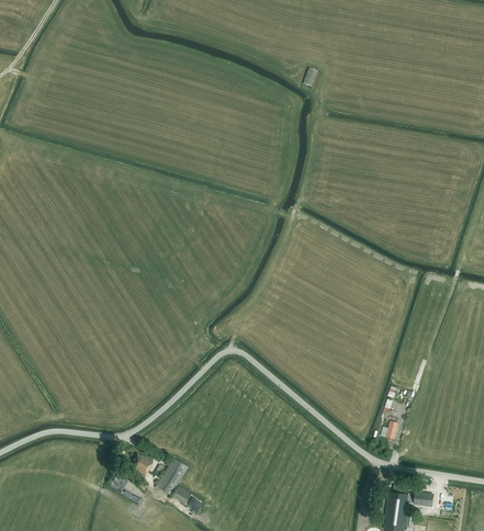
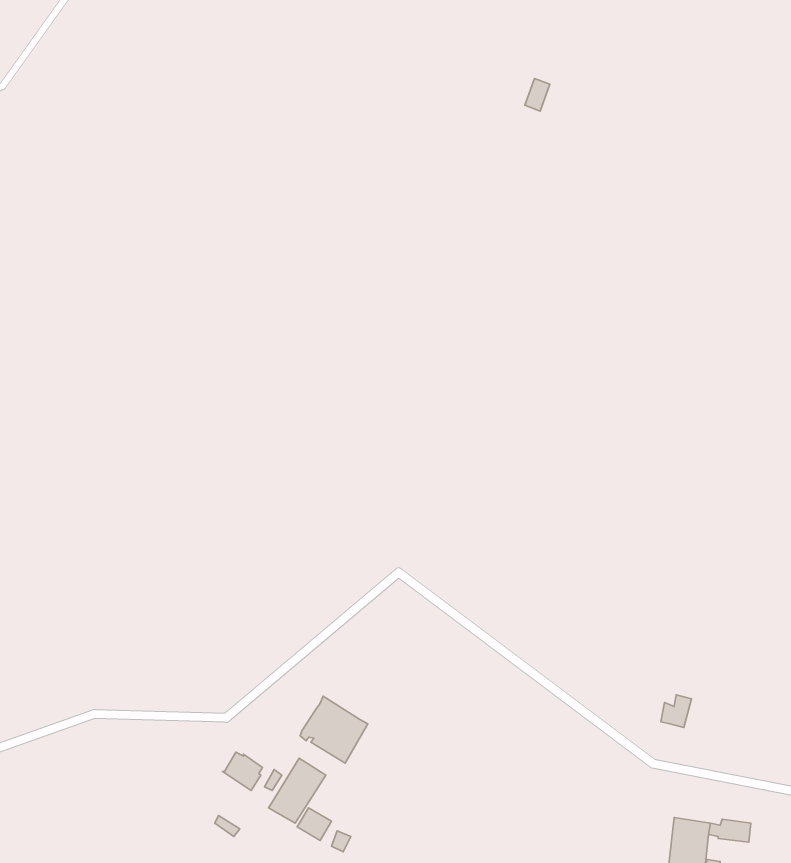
building: none -> [300,696,368,763]

